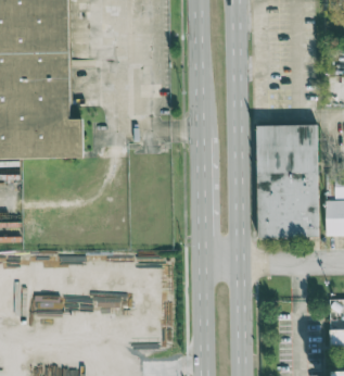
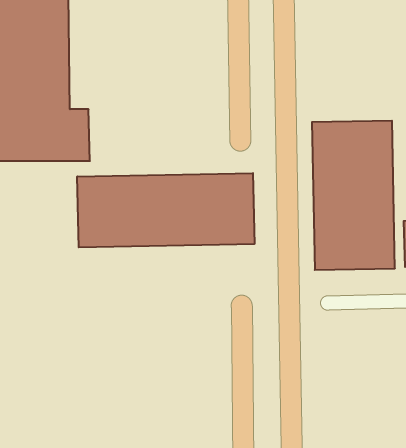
building: none -> [77,173,254,247]

